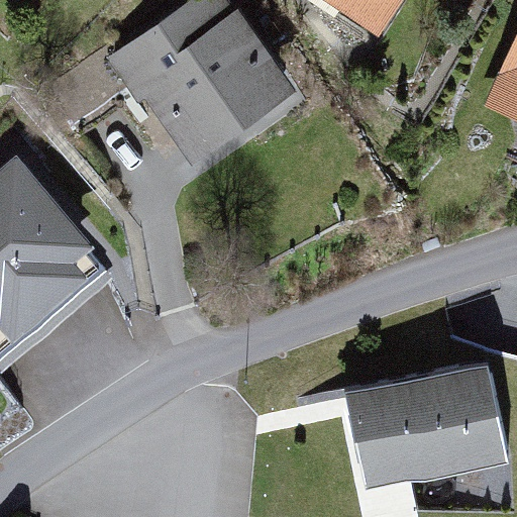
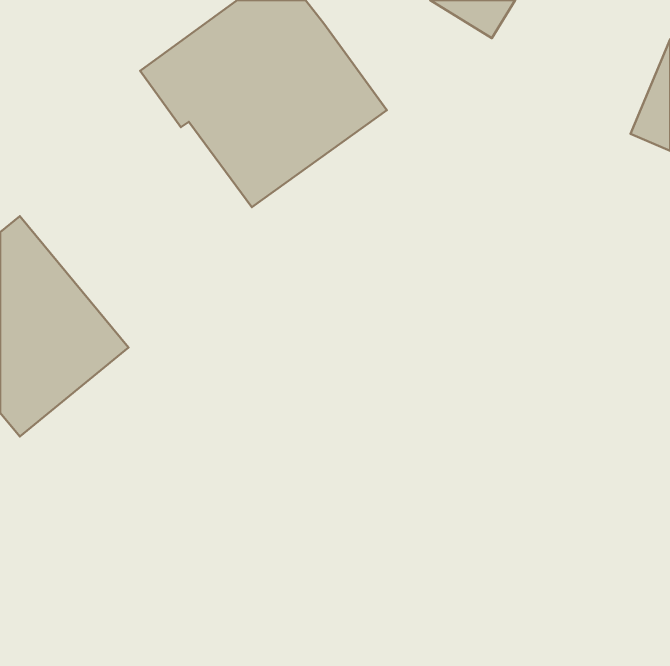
building: [351,374,501,488] -> none

